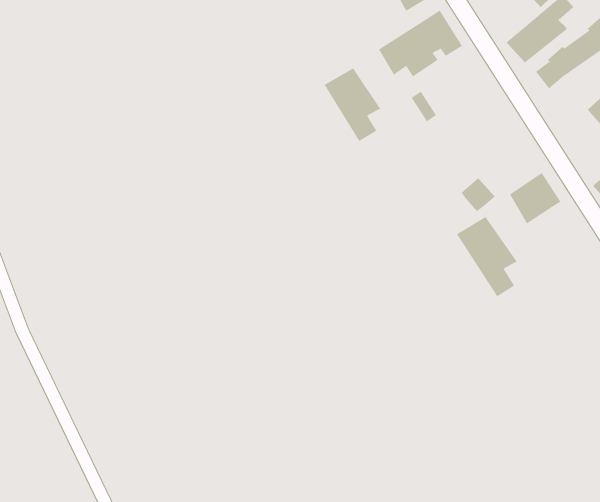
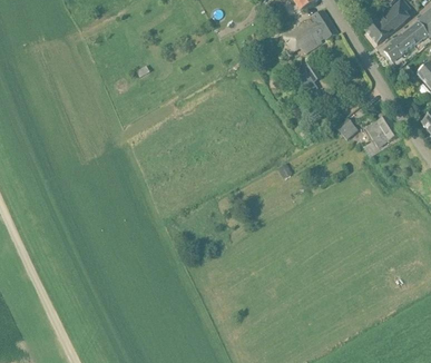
building: [324,67,381,142] -> none
building: [456,216,517,297] -> none

